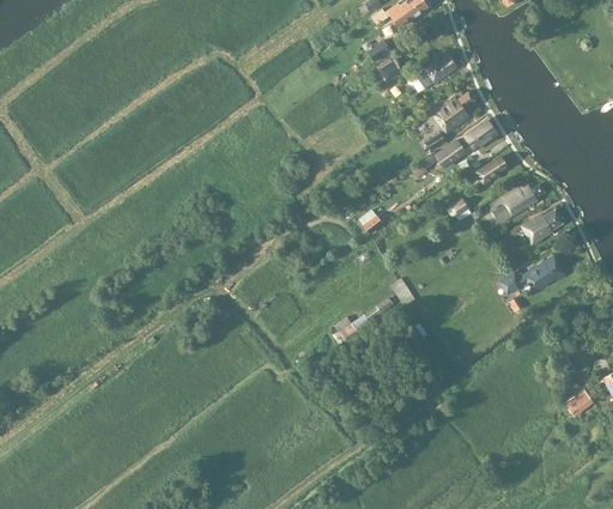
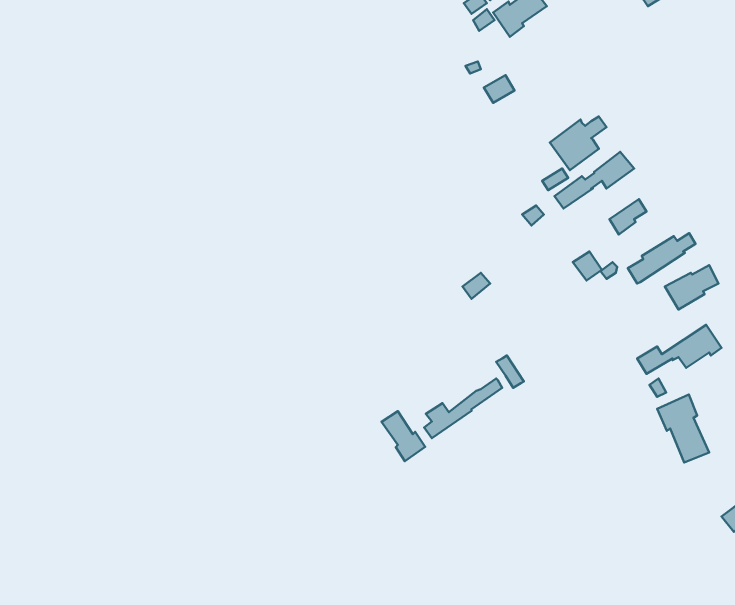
building: [415,56,457,87] -> none
building: none -> [657,395,709,462]
building: none -> [382,411,425,461]

